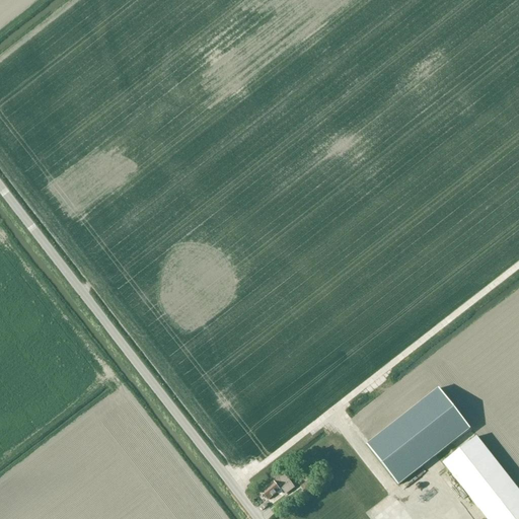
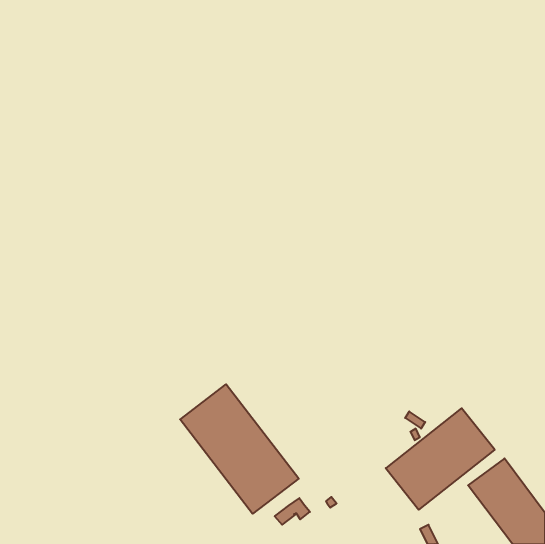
building: none -> [180,384,299,514]

